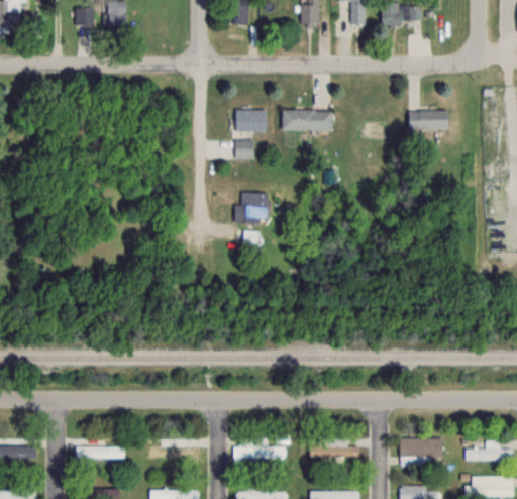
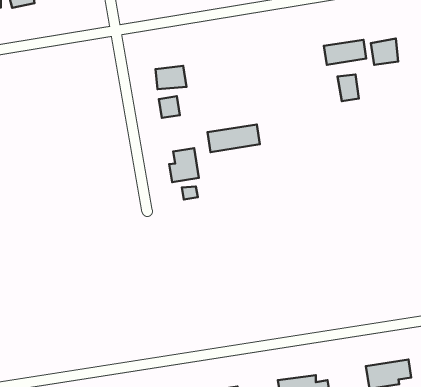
building: [282,111,332,131] -> [207,125,260,152]
building: none -> [371,39,398,65]
building: none -> [337,75,359,101]

